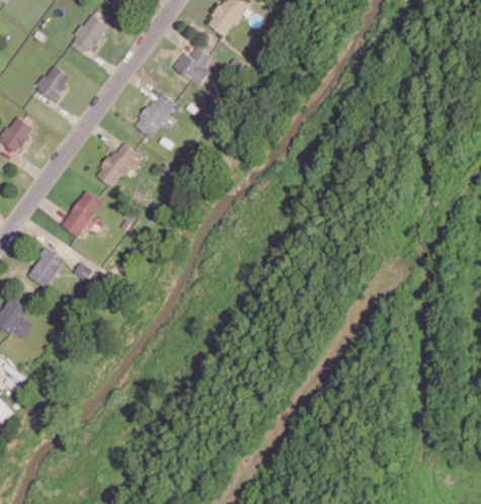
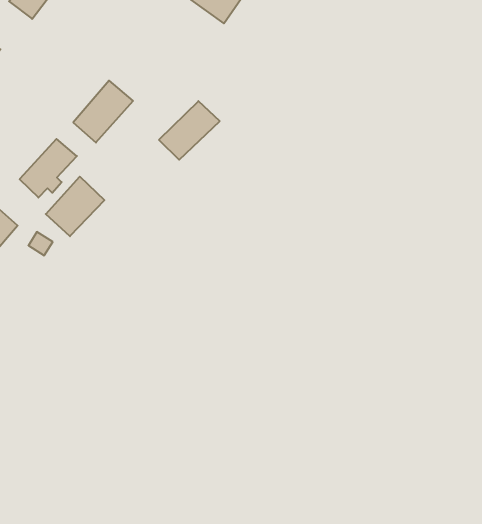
building: [134,91,178,138] -> [159,101,220,160]
building: none -> [46,177,104,236]

